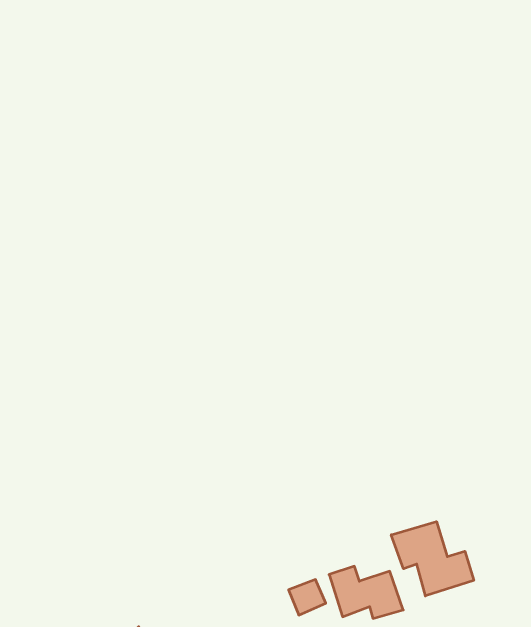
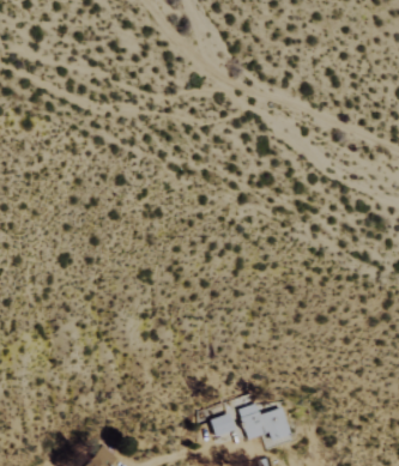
building: [391,522,474,596] -> none

